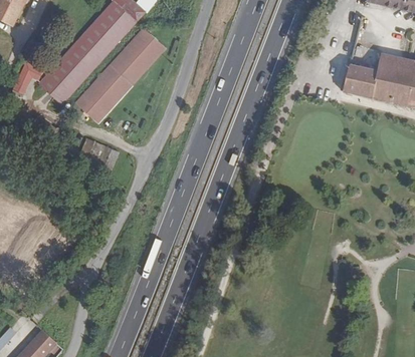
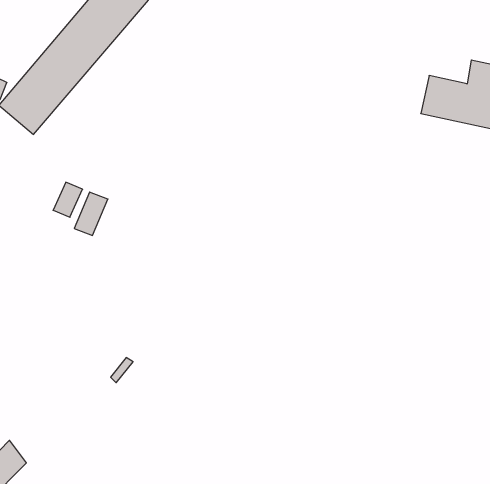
building: [75,28,169,122] -> none

